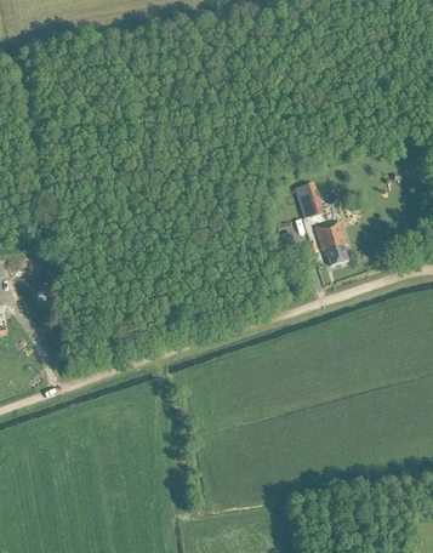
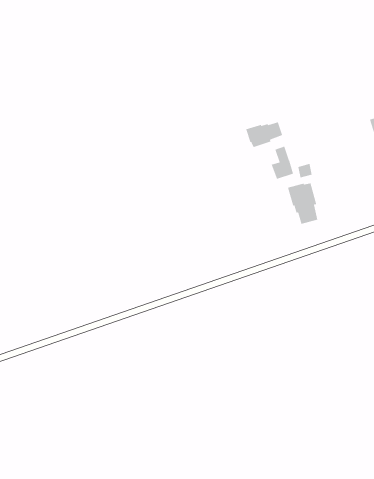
building: none -> [245,121,283,148]

